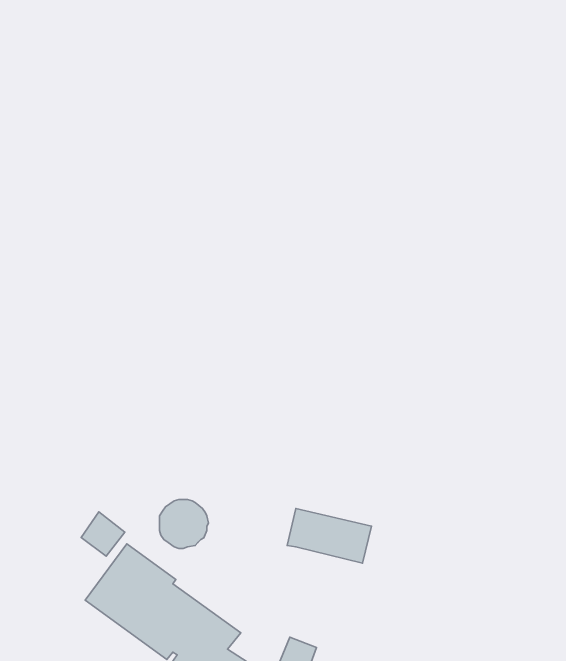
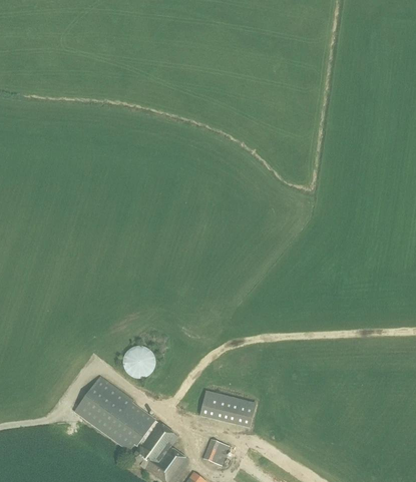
building: [287,508,372,563] -> [199,390,257,427]
building: [81,512,125,556] -> none

